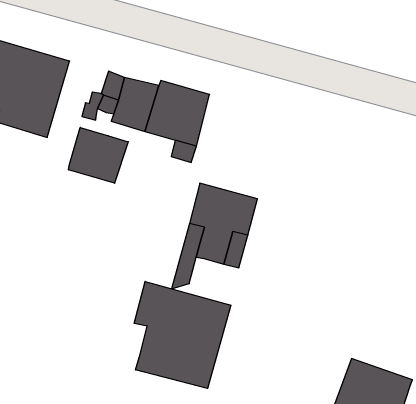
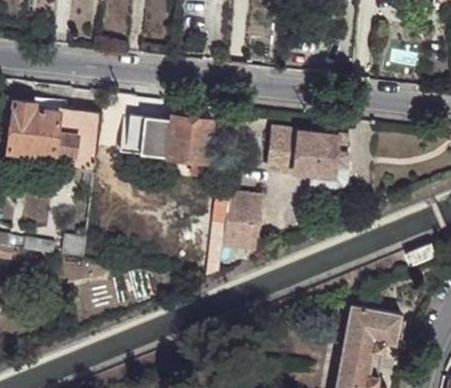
building: none -> [268,125,349,185]
building: [69,127,128,183] -> none
building: [134,281,231,388] -> none

